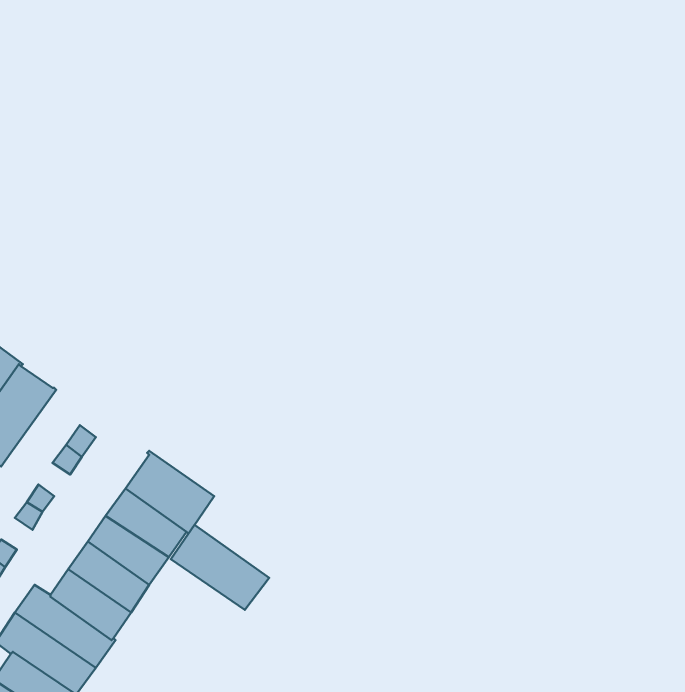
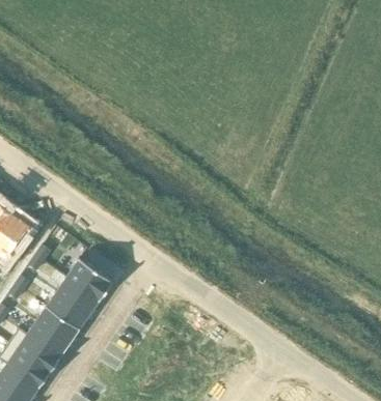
building: [171,525,269,610] -> none

